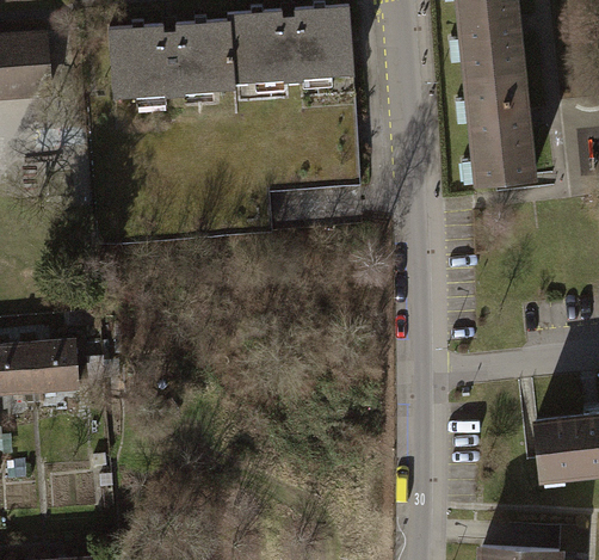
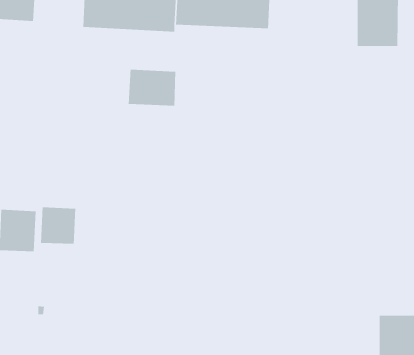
building: [468,74,533,185] -> none
building: none -> [128,69,176,107]
building: none -> [41,206,76,245]

